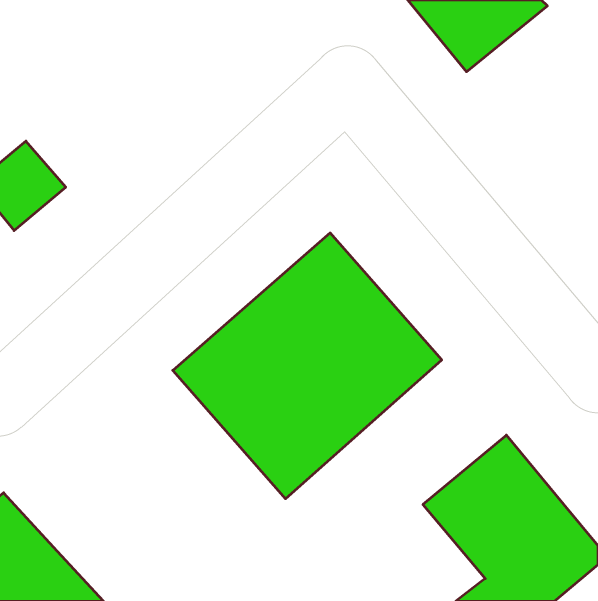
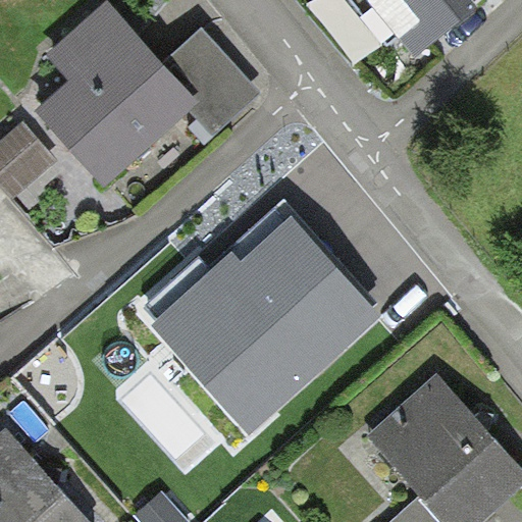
building: none -> [33,7,260,191]

